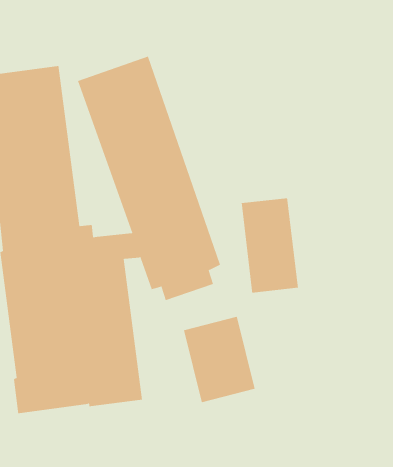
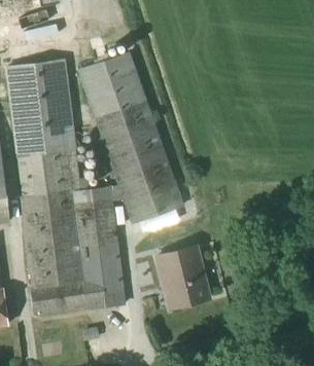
building: [241,197,298,293] -> none

